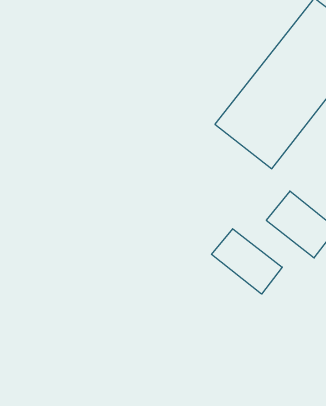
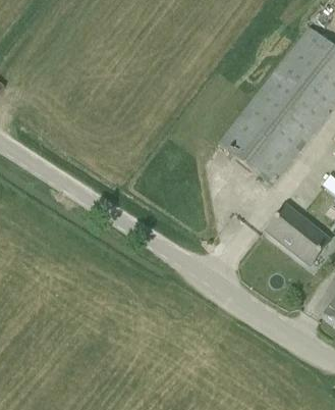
building: [212,229,282,294] -> none

